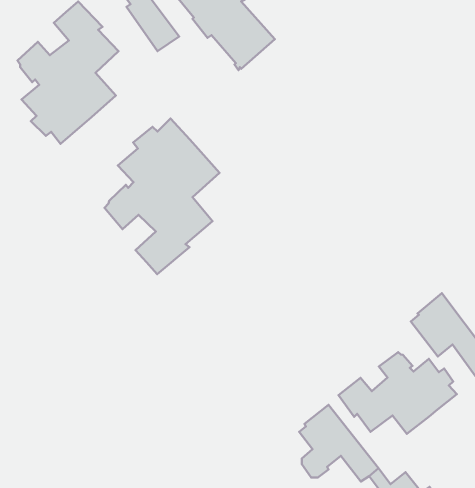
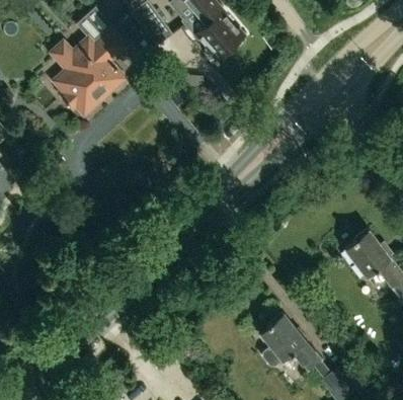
building: [105,118,220,274] -> none
building: [338,352,457,434] -> none

